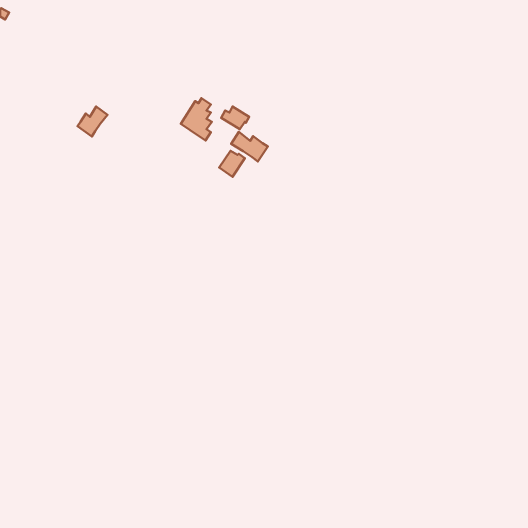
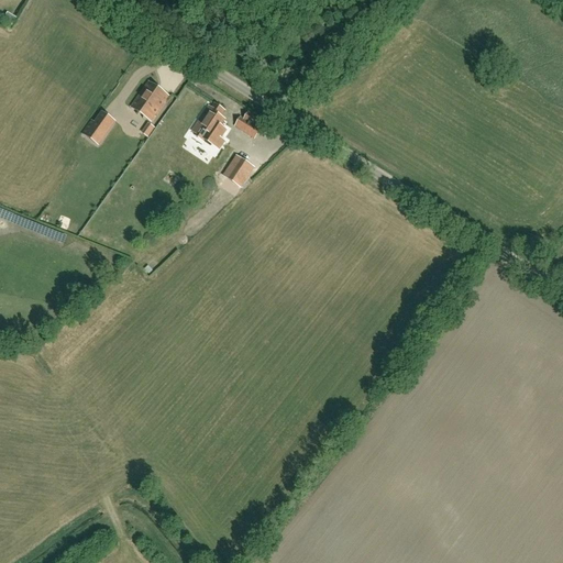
building: none -> [132,82,168,121]
building: [231,132,268,162] -> none

